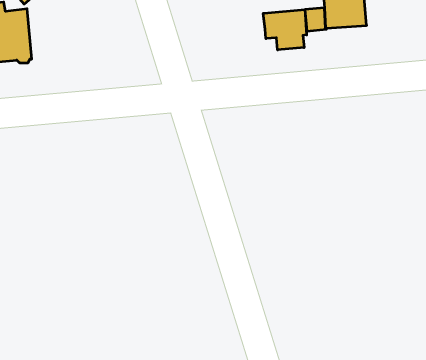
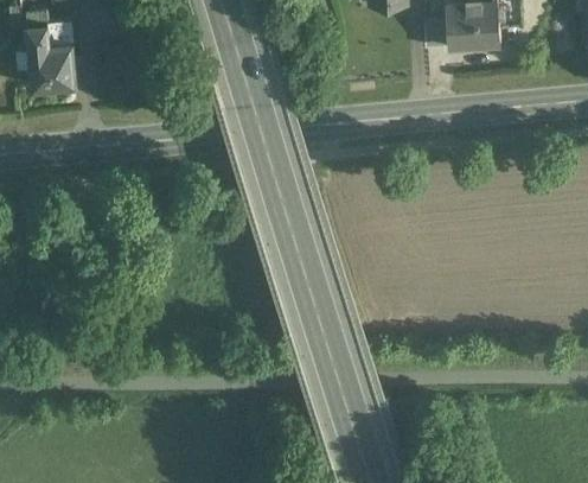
building: [263,10,307,50] -> none

